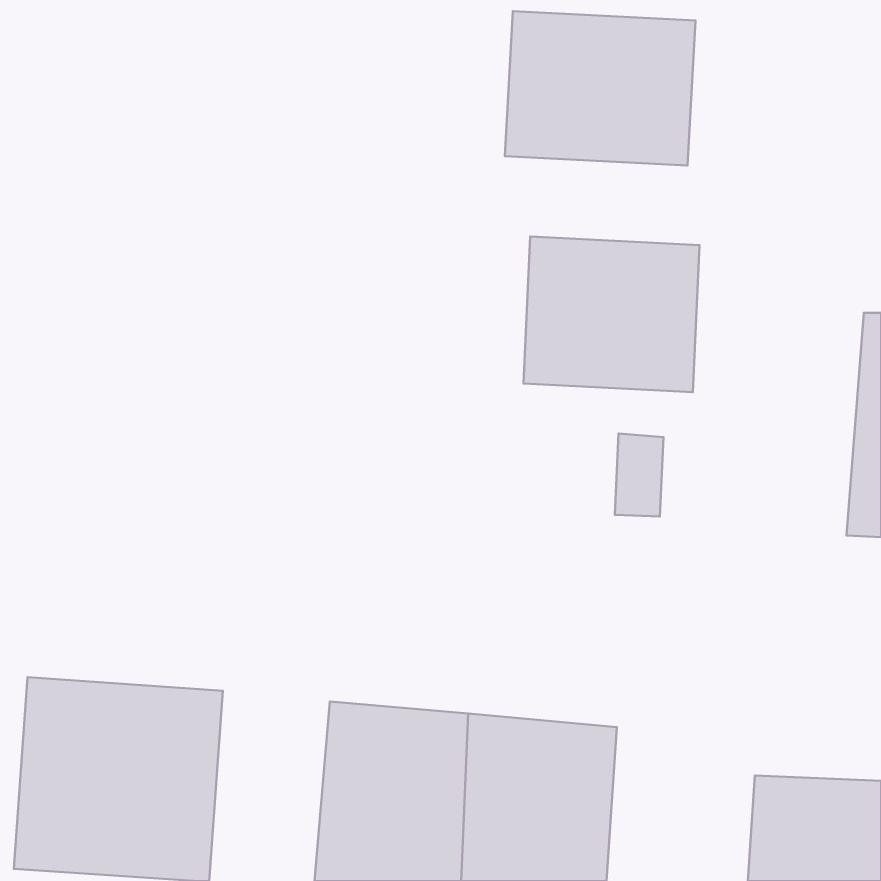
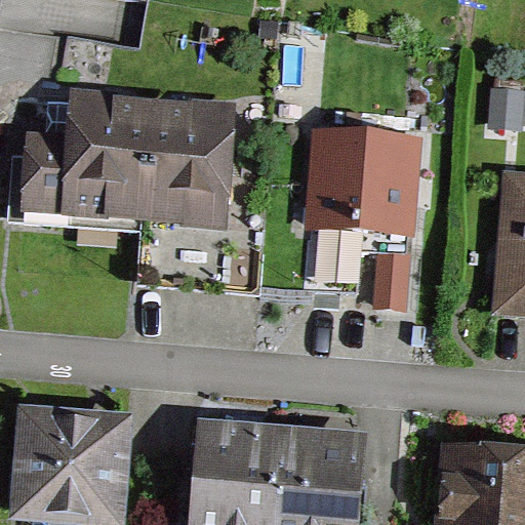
building: [505,11,695,165] -> none
building: none -> [35,108,235,229]

